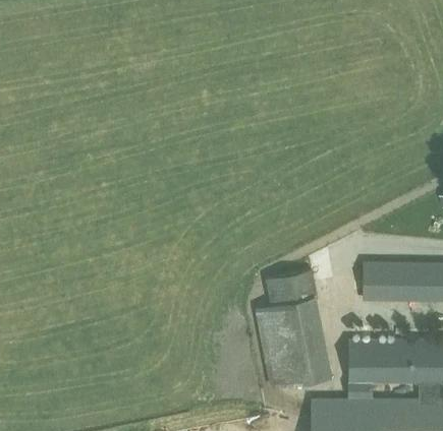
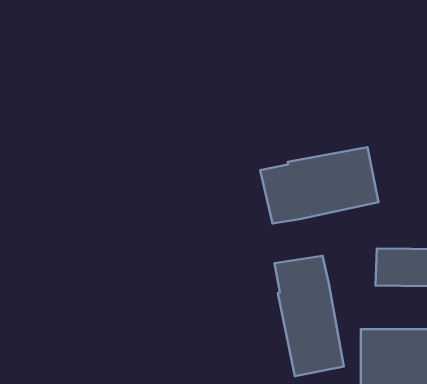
building: none -> [260,147,378,223]

